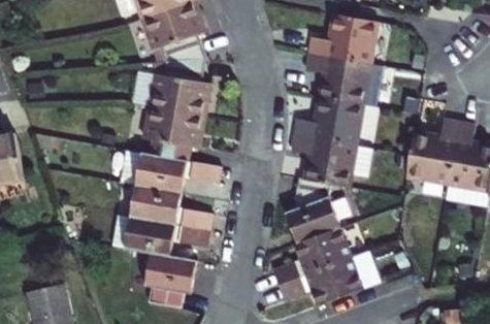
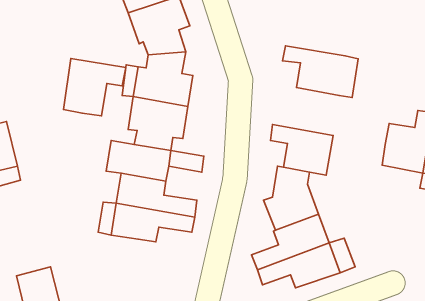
building: [306,13,375,63] -> none
building: none -> [64,58,126,116]
building: [293,96,362,145] -> none
building: [149,253,199,309] -> none

